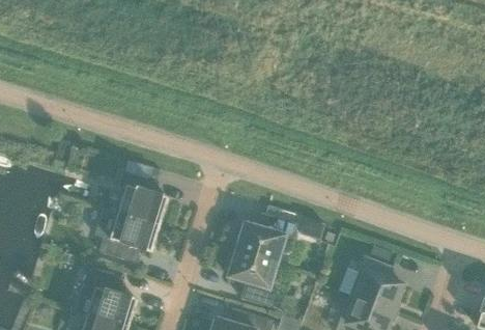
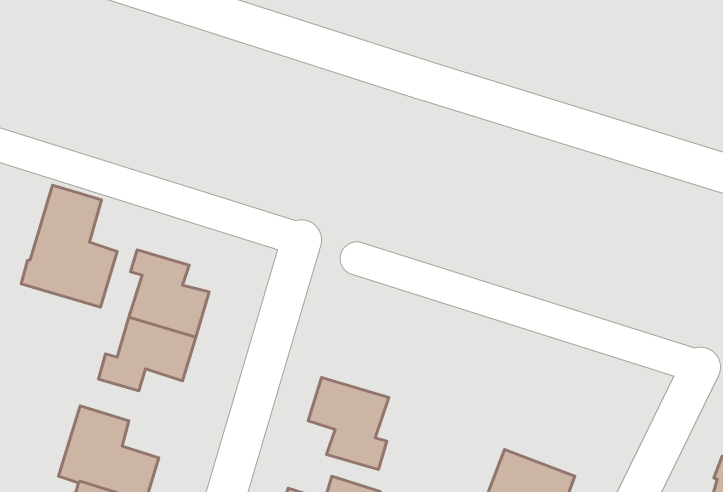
building: none -> [21,185,117,307]
building: [235,215,295,262] -> none
building: [348,255,402,310] -> none

